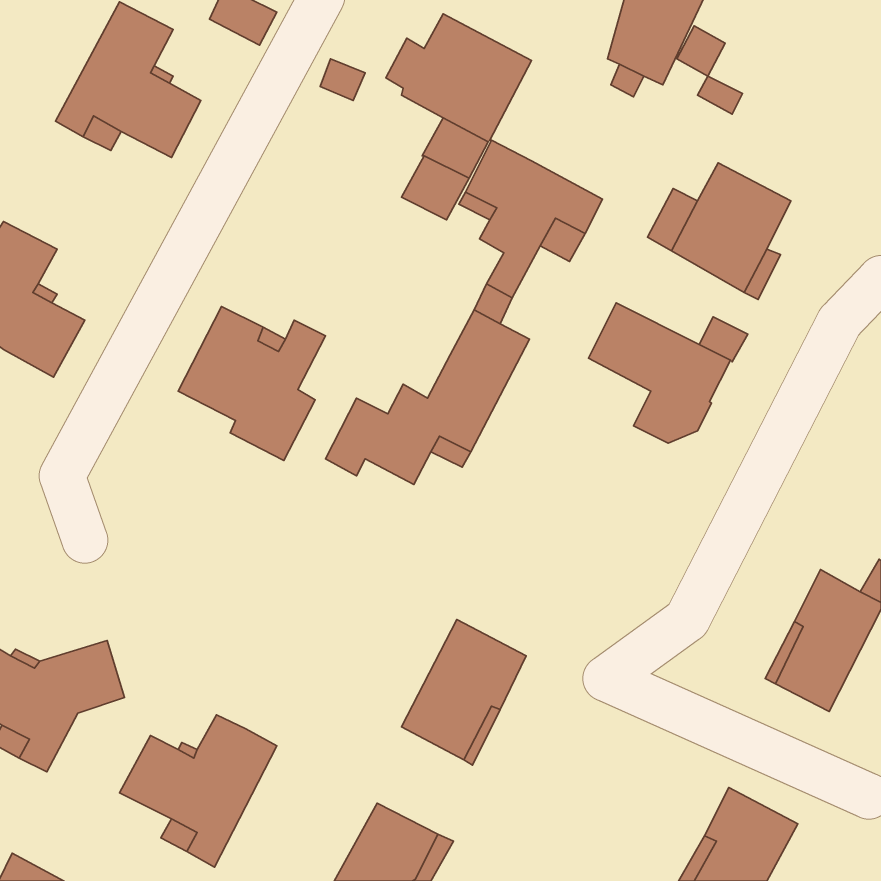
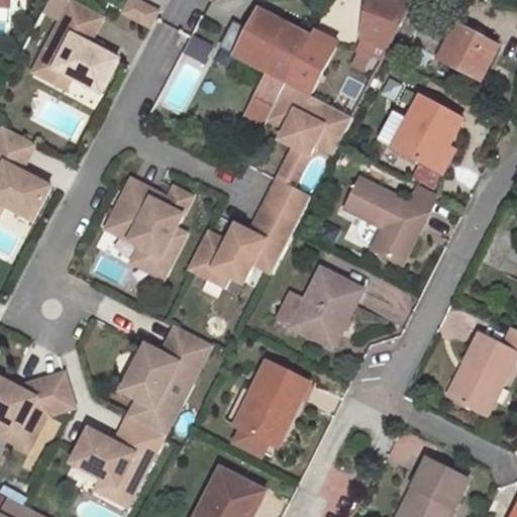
building: none -> [437,23,498,80]
building: none -> [286,29,336,94]
building: none -> [292,269,360,346]
building: none -> [120,331,208,435]

